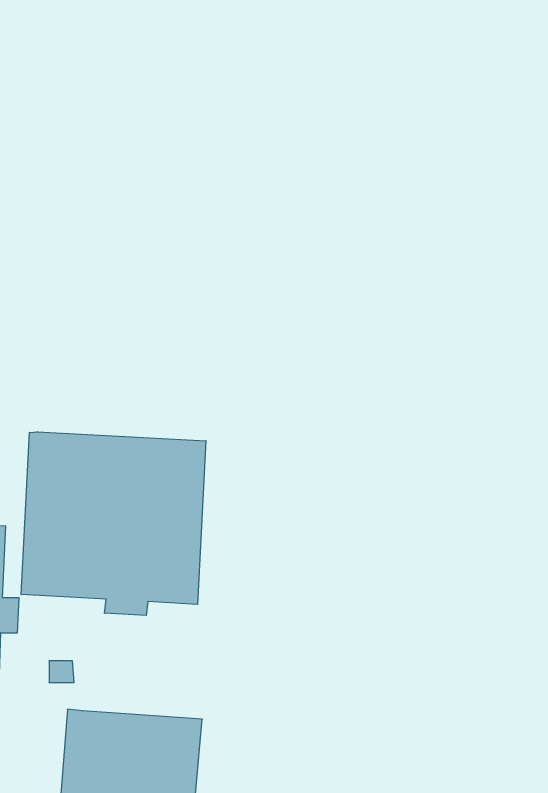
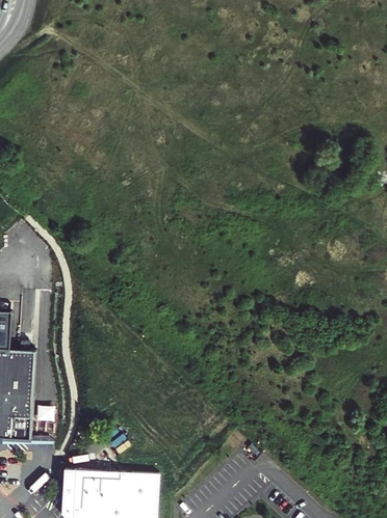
building: [21,432,206,615] -> none

